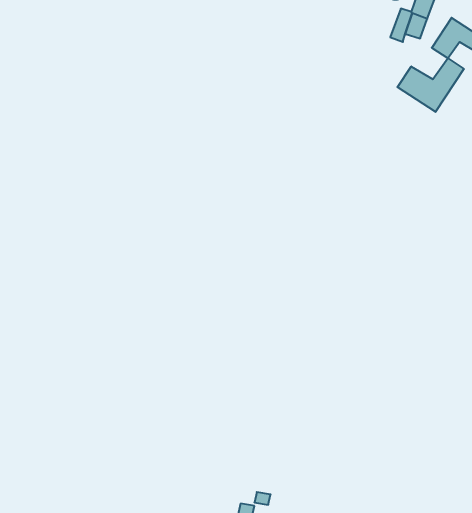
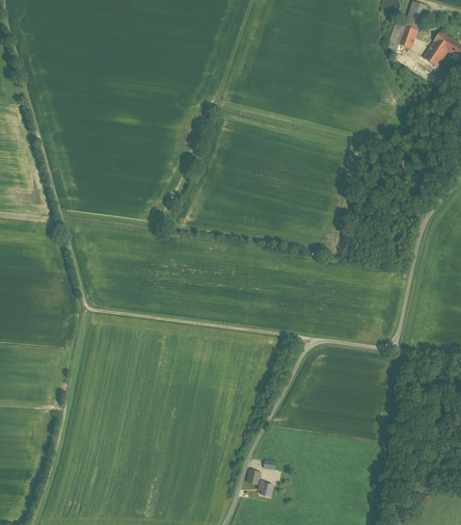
building: [397,58,464,112] -> none

